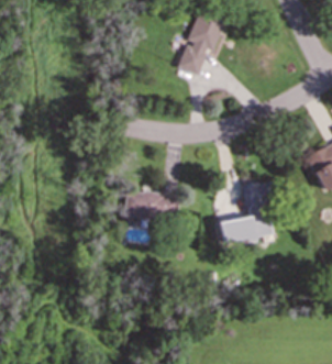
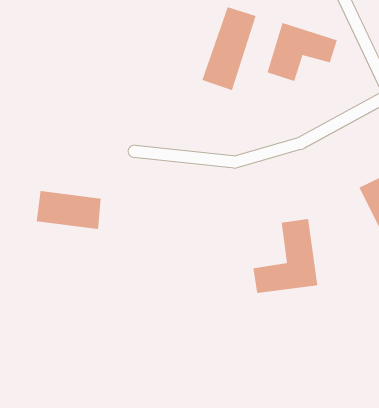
building: none -> [267,22,338,82]
building: [124,190,178,222] -> [36,191,101,230]

